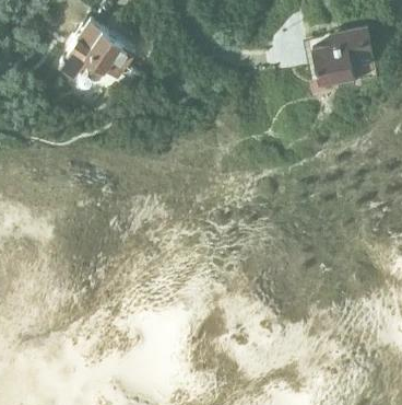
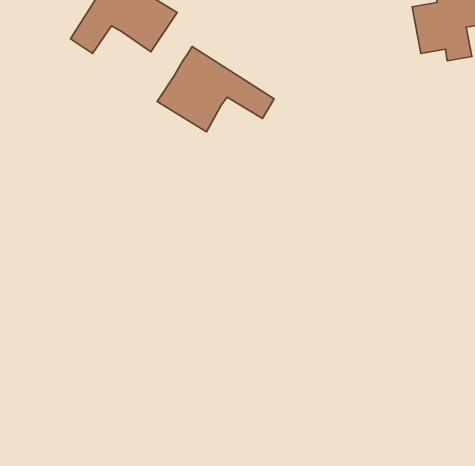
building: none -> [157,46,274,132]

